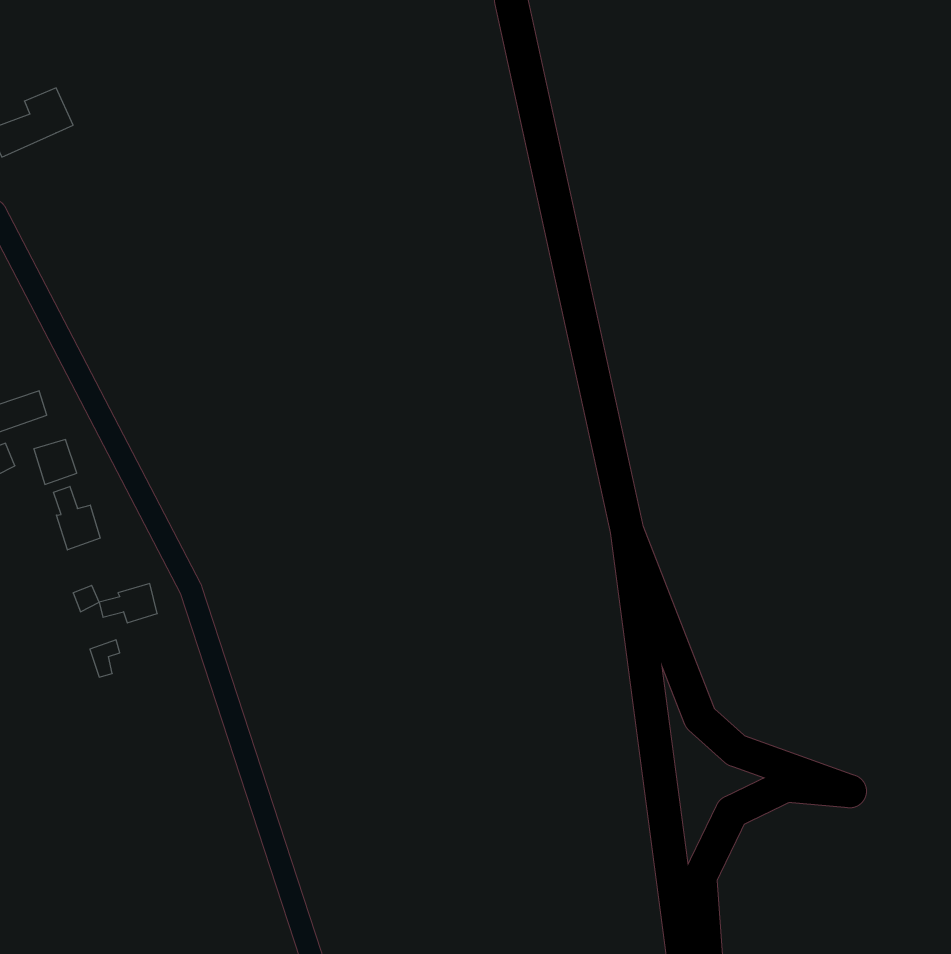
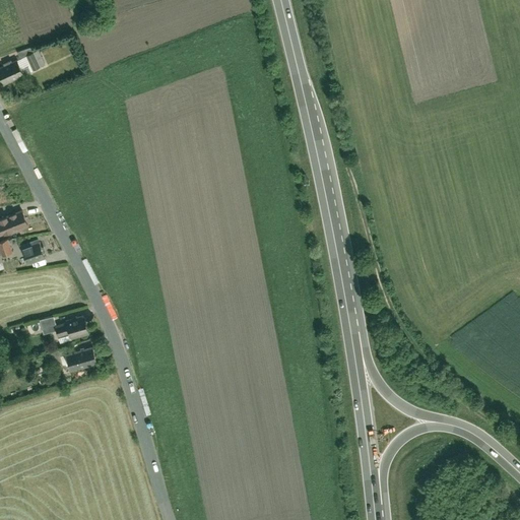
building: [54,486,100,550] -> none
building: none -> [67,346,96,372]

